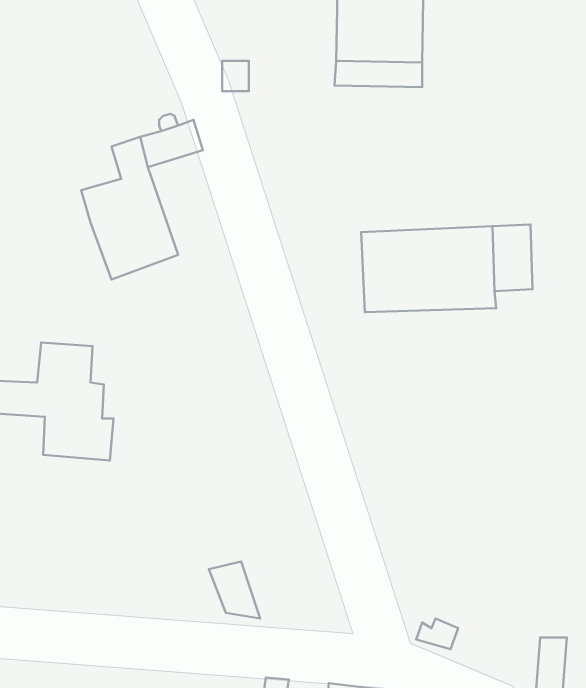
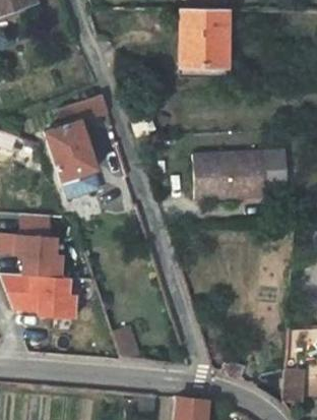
building: none -> [7,274,77,317]

